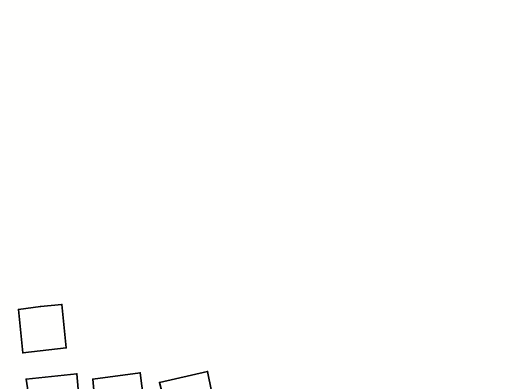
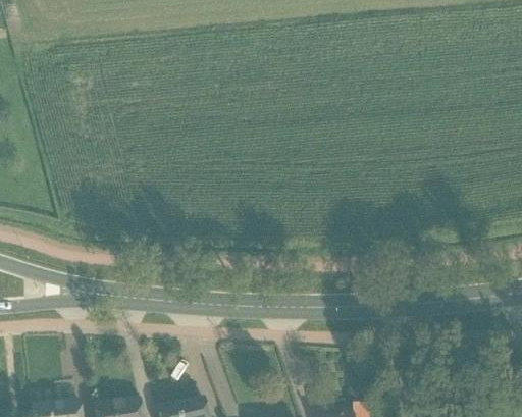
building: [18,305,66,353] -> none

